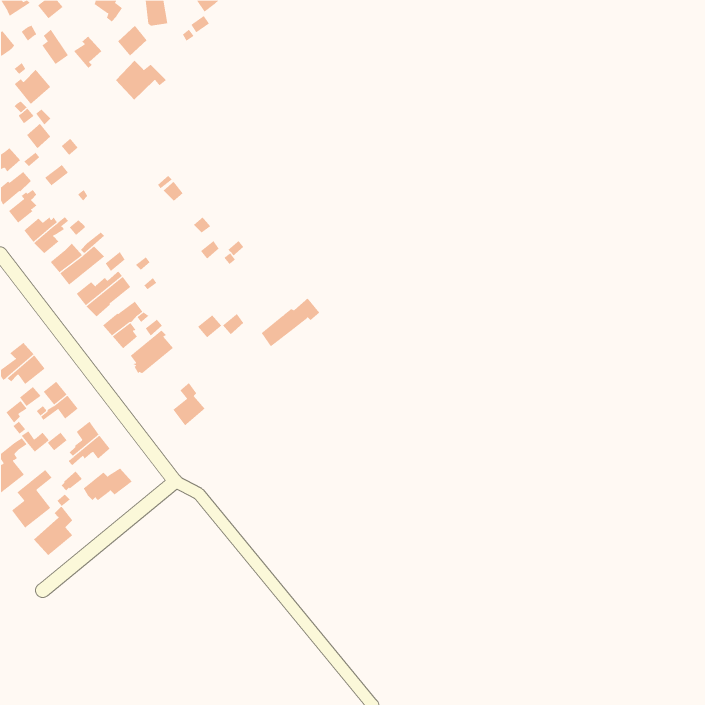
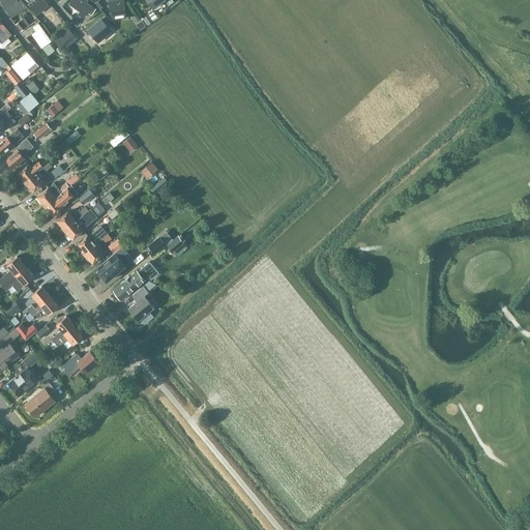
building: [115,60,166,101] -> none
building: [261,297,320,347] -> [114,262,158,299]

